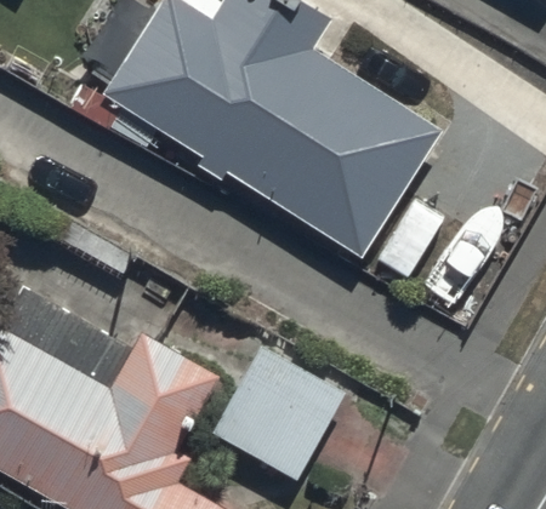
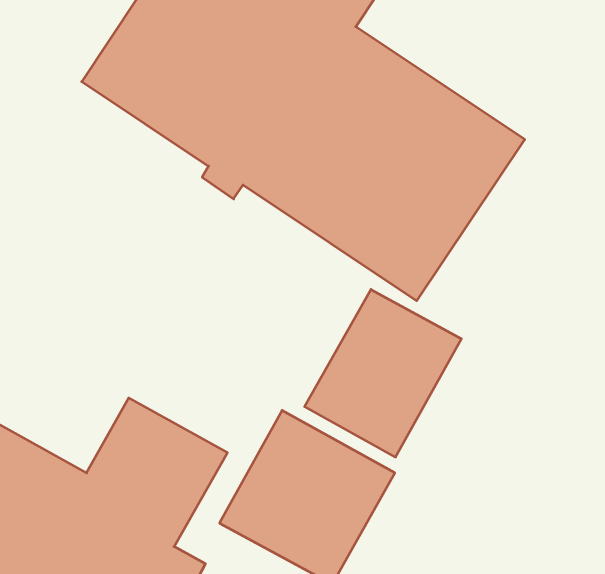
building: none -> [305,289,461,457]

